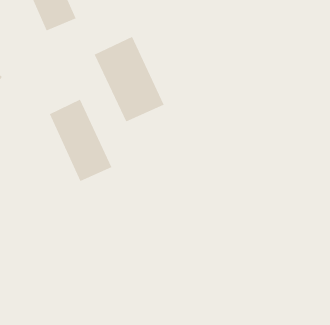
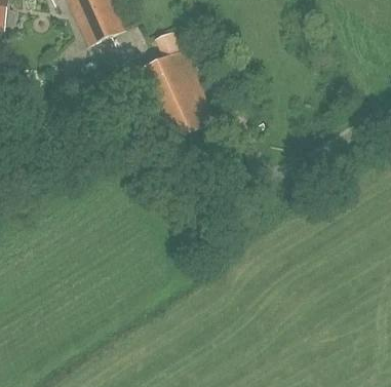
building: [49,99,112,182] -> none

